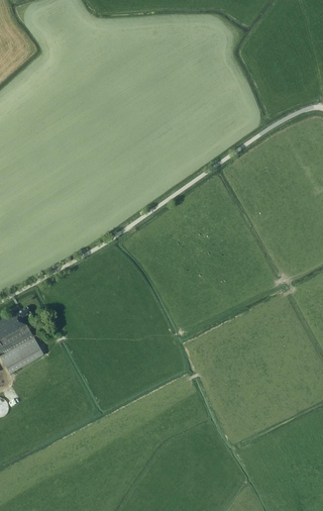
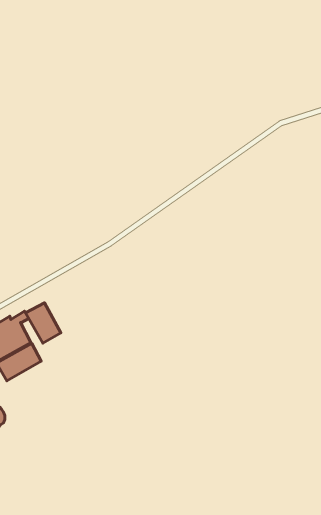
building: none -> [26,303,61,343]

